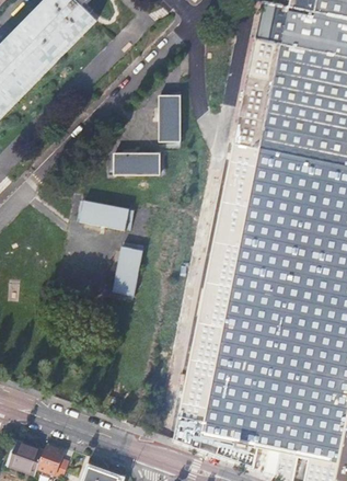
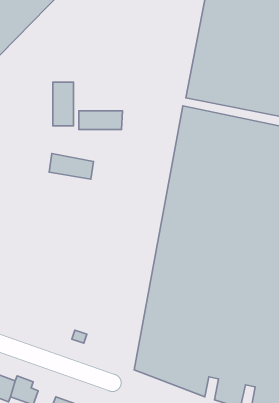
building: [160,94,183,142] -> [53,82,74,126]
building: [113,245,144,297] -> none

